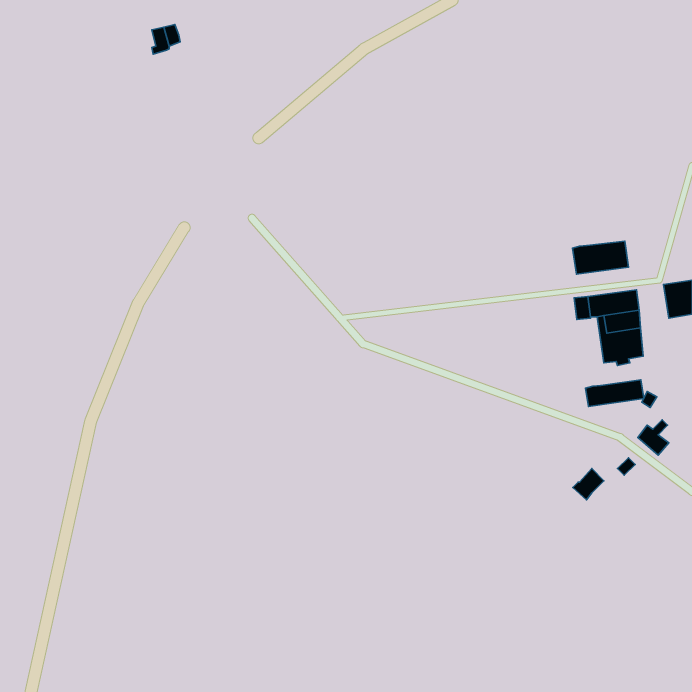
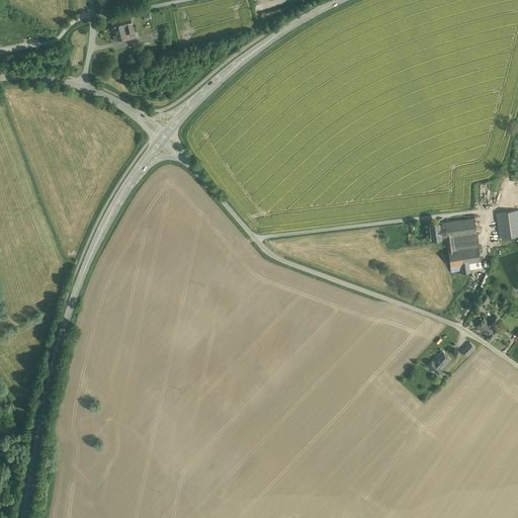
building: [573,241,628,274] -> none
building: [585,380,644,407] -> none

